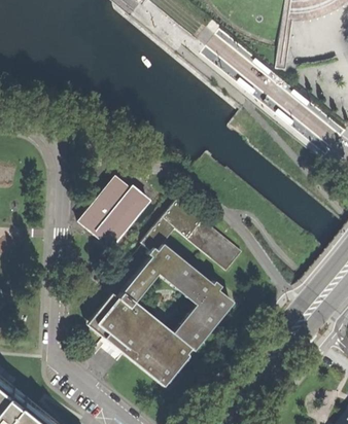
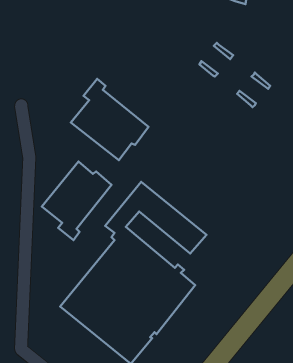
building: none -> [71,79,149,160]

